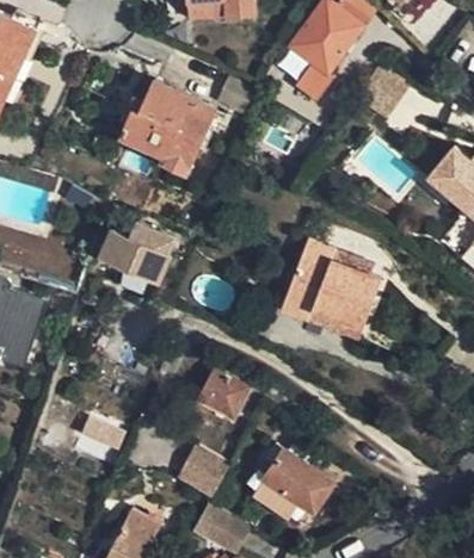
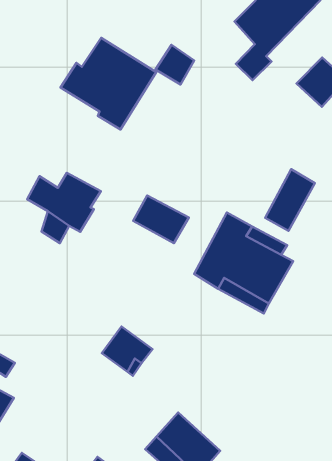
building: none -> [265,169,315,231]
building: none -> [133,195,189,243]
building: [173,446,229,501] -> none

